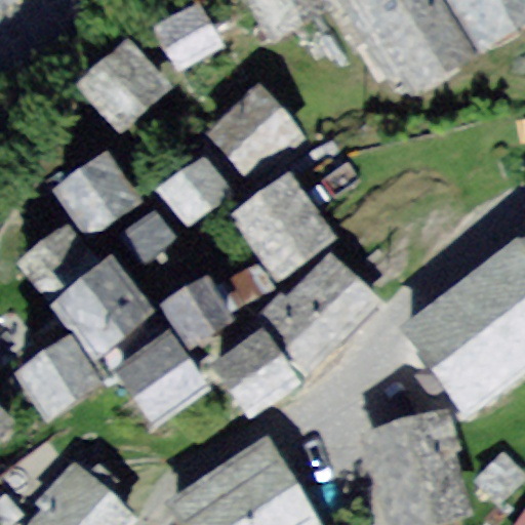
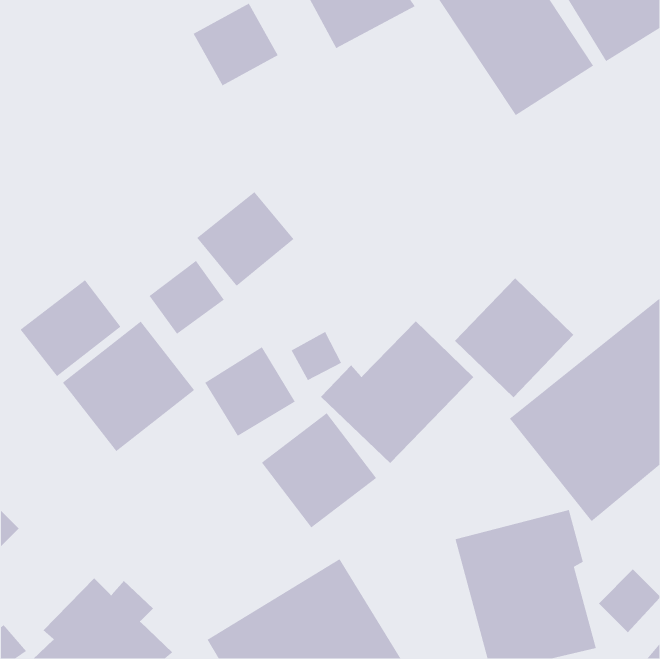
building: [75,37,171,132] -> none
building: [203,83,306,185] -> none
building: [53,150,143,238] -> none
building: [228,169,337,281] -> none
building: none -> [454,278,574,398]
building: [111,330,208,427] -> none
building: [13,333,103,421] -> none

